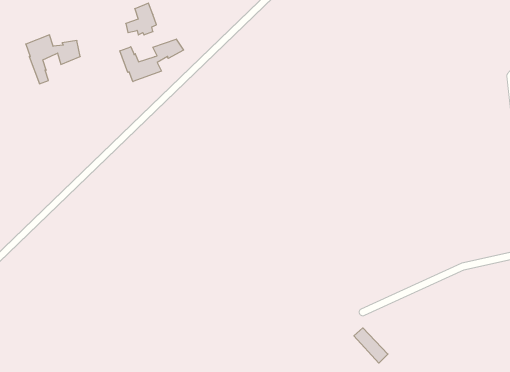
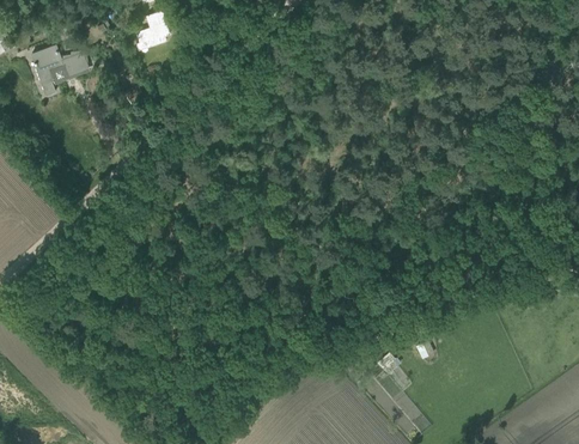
building: [120,39,184,82] -> none

